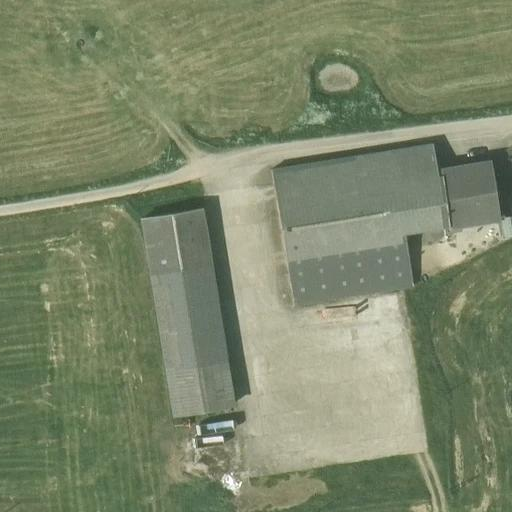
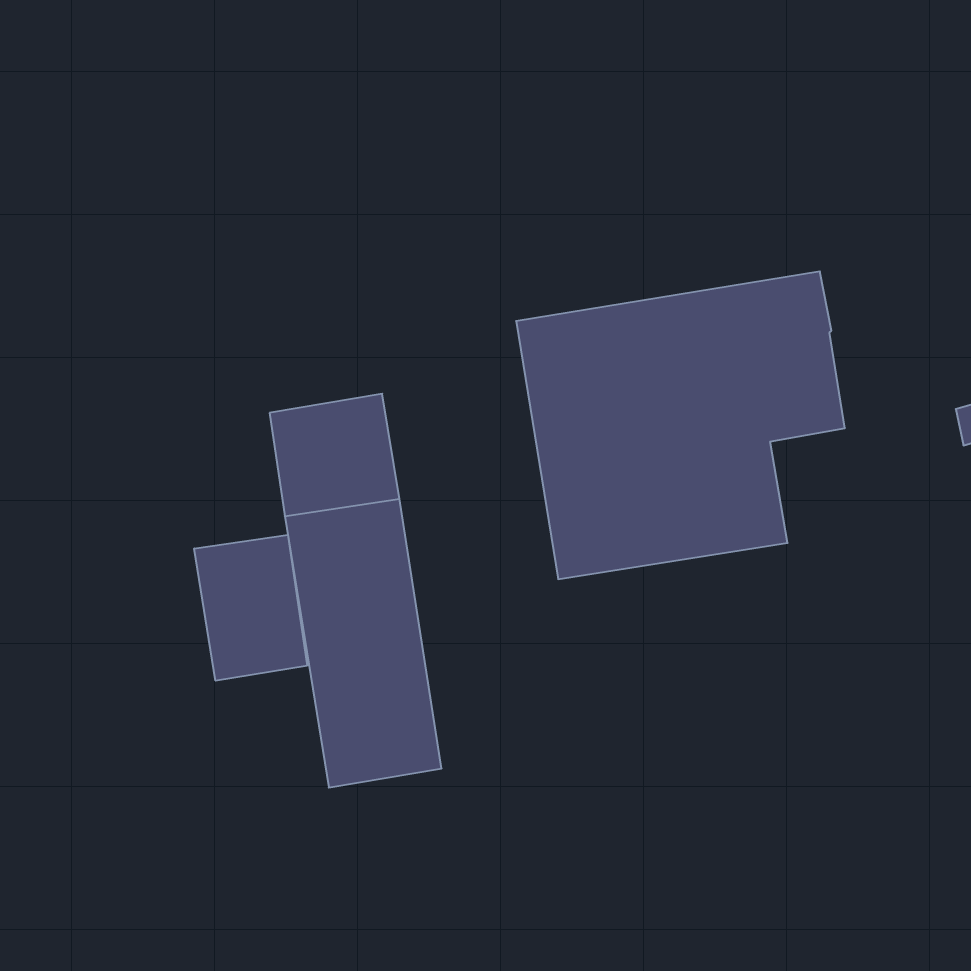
building: [437,162,499,228] -> none
building: none -> [194,535,307,681]

